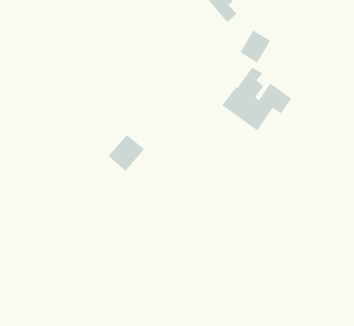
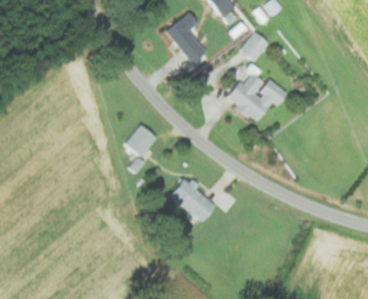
building: none -> [165,12,207,64]
building: none -> [169,179,217,222]

